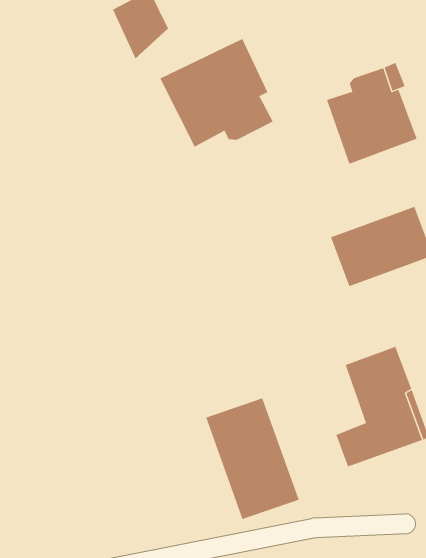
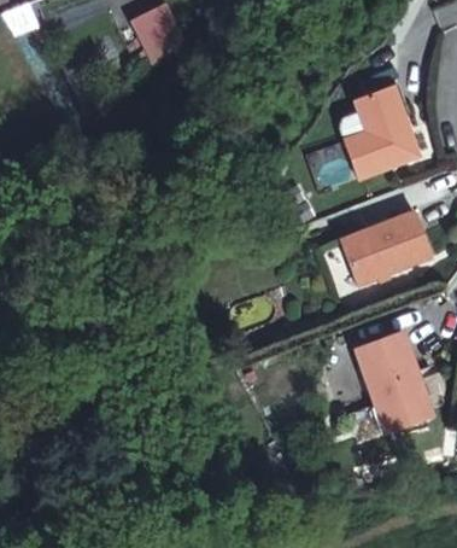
building: [160,38,274,147] -> none
building: [206,397,299,520] -> none

